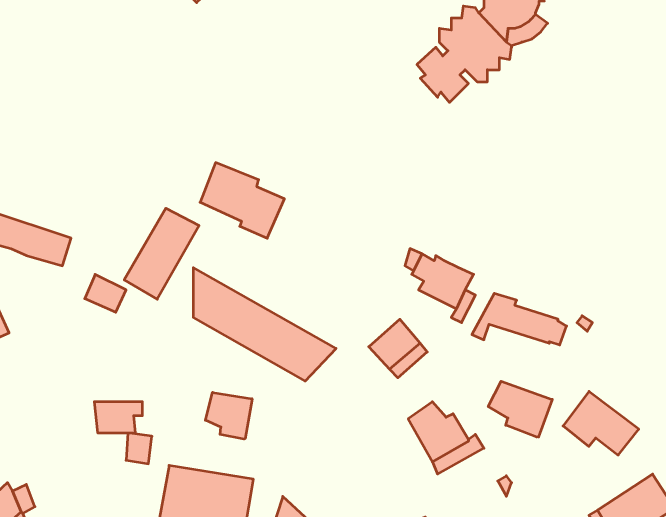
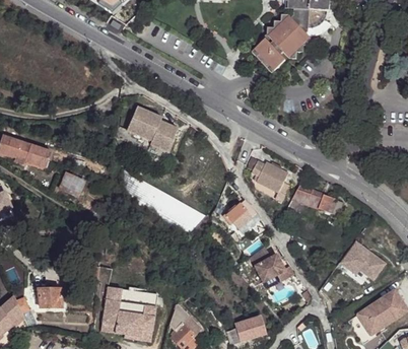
building: [124,208,199,299] -> none
building: [488,381,552,437] -> none
building: [205,392,252,439] -> none
building: [94,402,142,433] -> [38,288,66,306]

